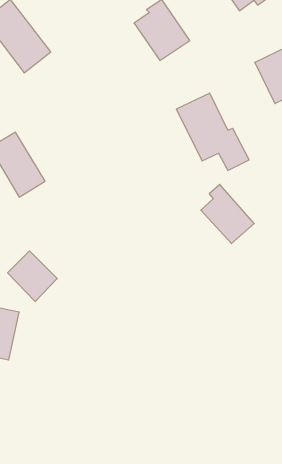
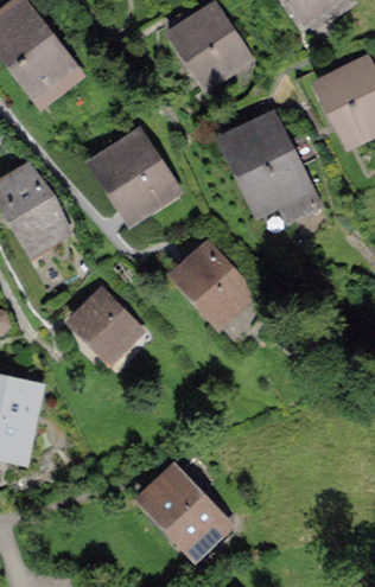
building: none -> [102,140,169,211]
building: [201,184,254,244] -> [182,243,248,317]
building: [8,251,57,302] -> [75,294,136,357]
building: none -> [145,472,221,549]

